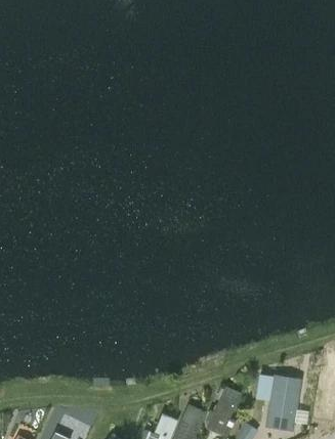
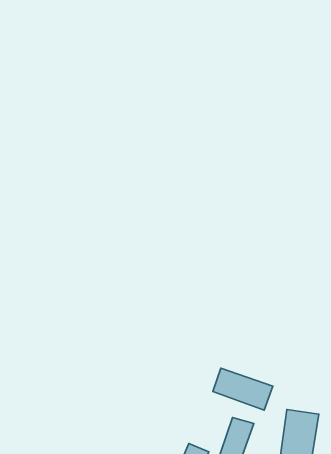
building: none -> [213,368,273,410]

